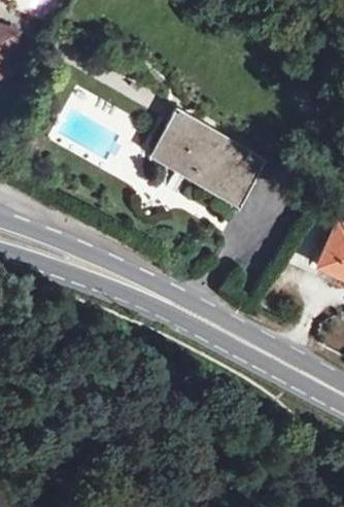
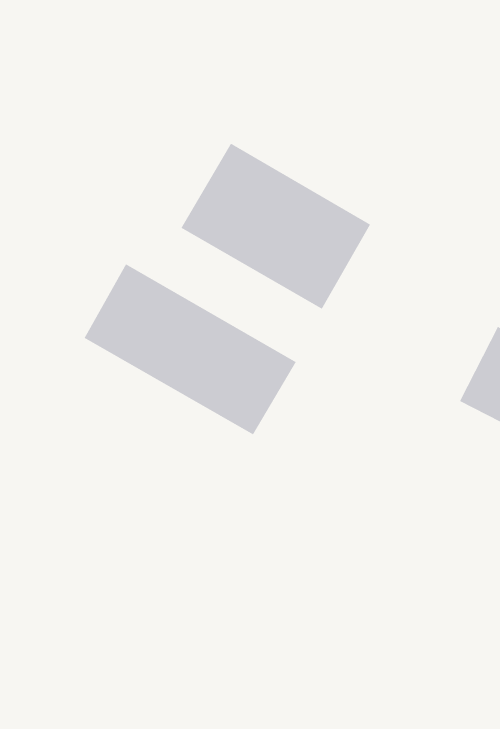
building: none -> [84,263,296,435]

